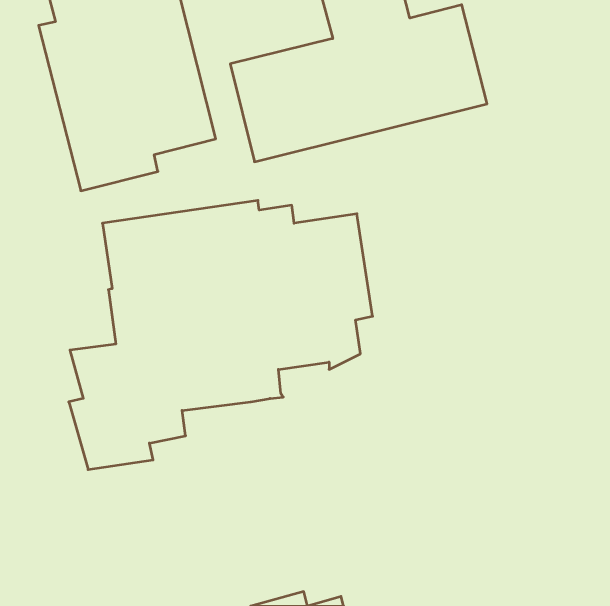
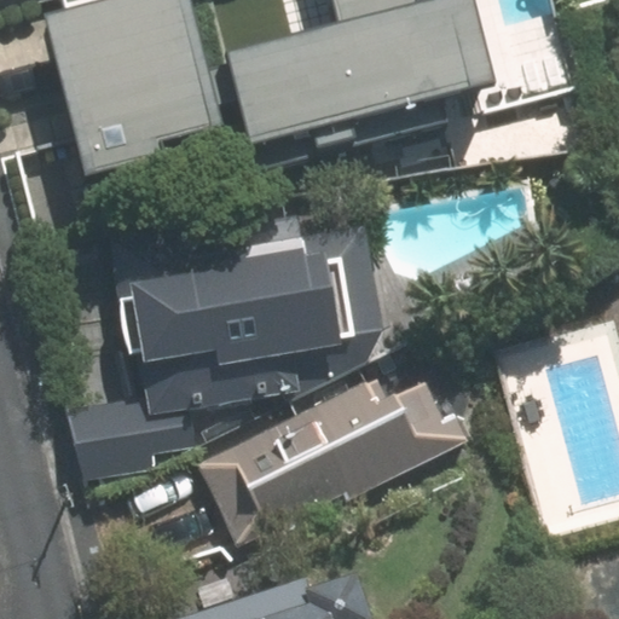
building: none -> [198,369,479,549]

